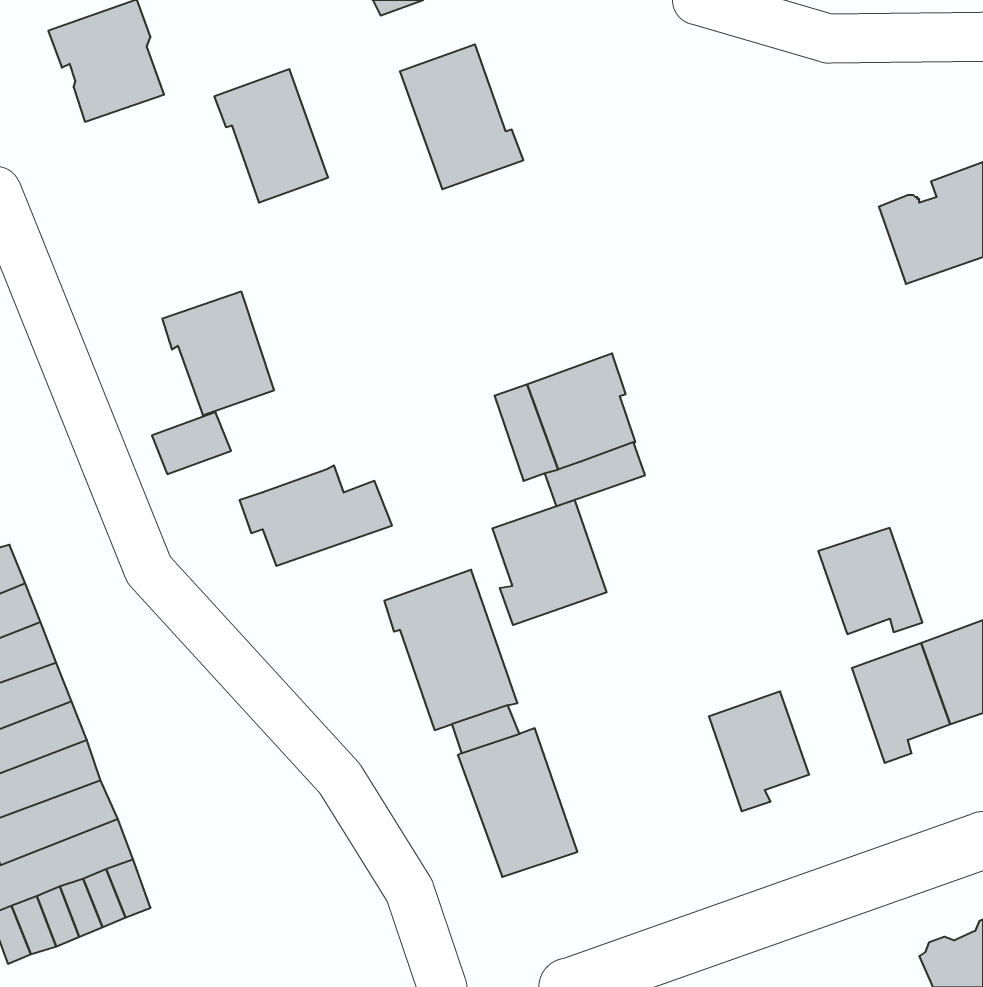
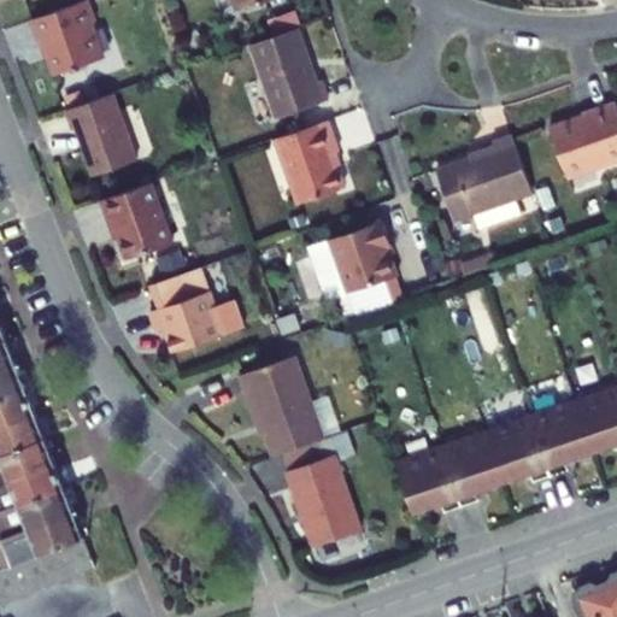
building: [214,69,328,203] -> [65,93,136,176]
building: none -> [276,121,342,204]
building: none -> [435,136,531,230]
building: [152,412,231,474] -> [154,269,204,307]
building: [492,500,607,625] -> none
building: [818,528,923,634] -> [487,417,552,483]
building: none -> [398,447,463,513]

